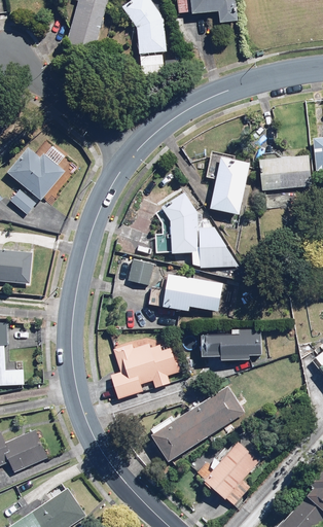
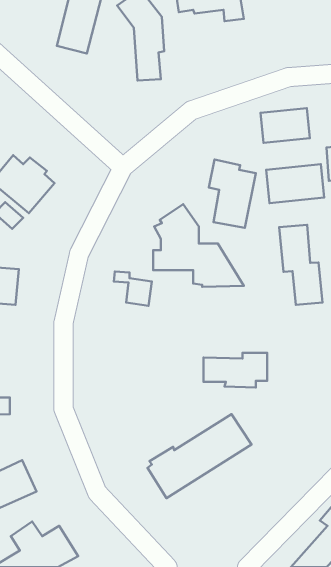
building: none -> [260,108,310,143]
building: none -> [279,225,322,305]
building: [164,274,221,311] -> none
building: [110,343,179,398] -> none
building: [199,442,259,498] -> none

